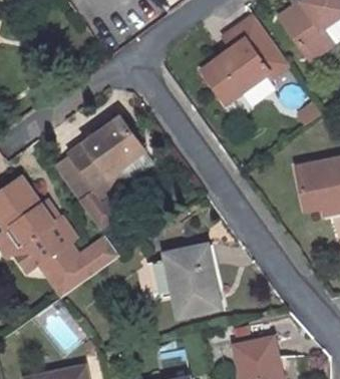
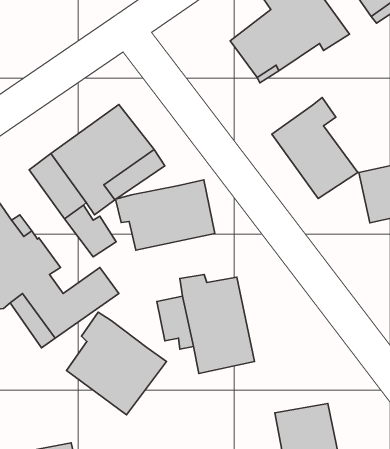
building: none -> [272,98,358,198]
building: none -> [115,180,215,250]
building: none -> [66,312,167,415]

